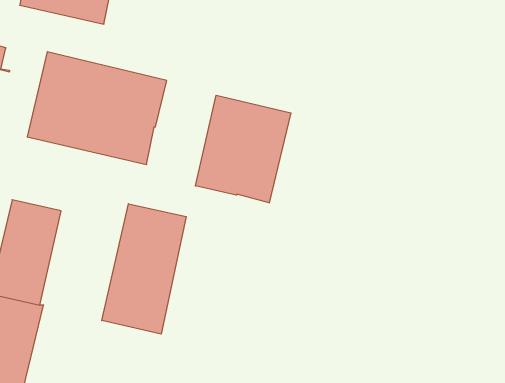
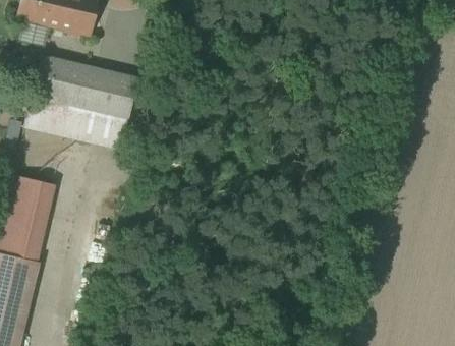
building: [195,95,291,203] -> none
building: [102,204,186,334] -> none

